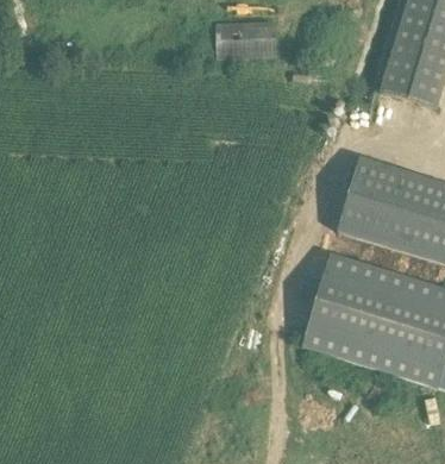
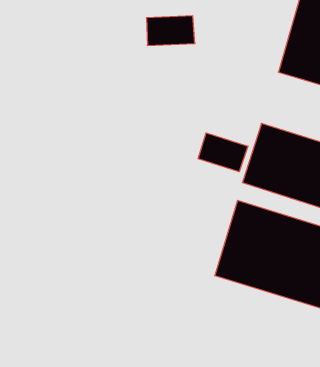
building: none -> [198,133,248,172]

